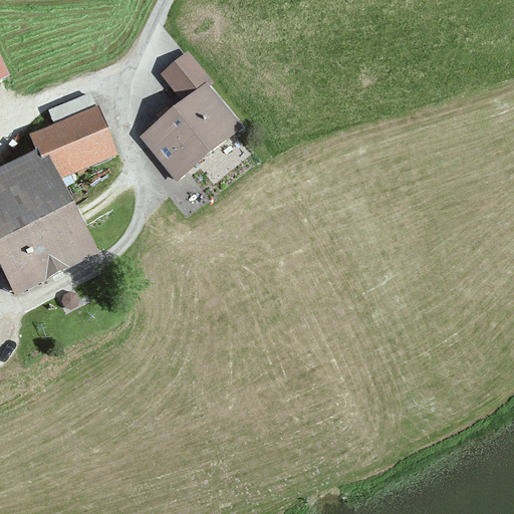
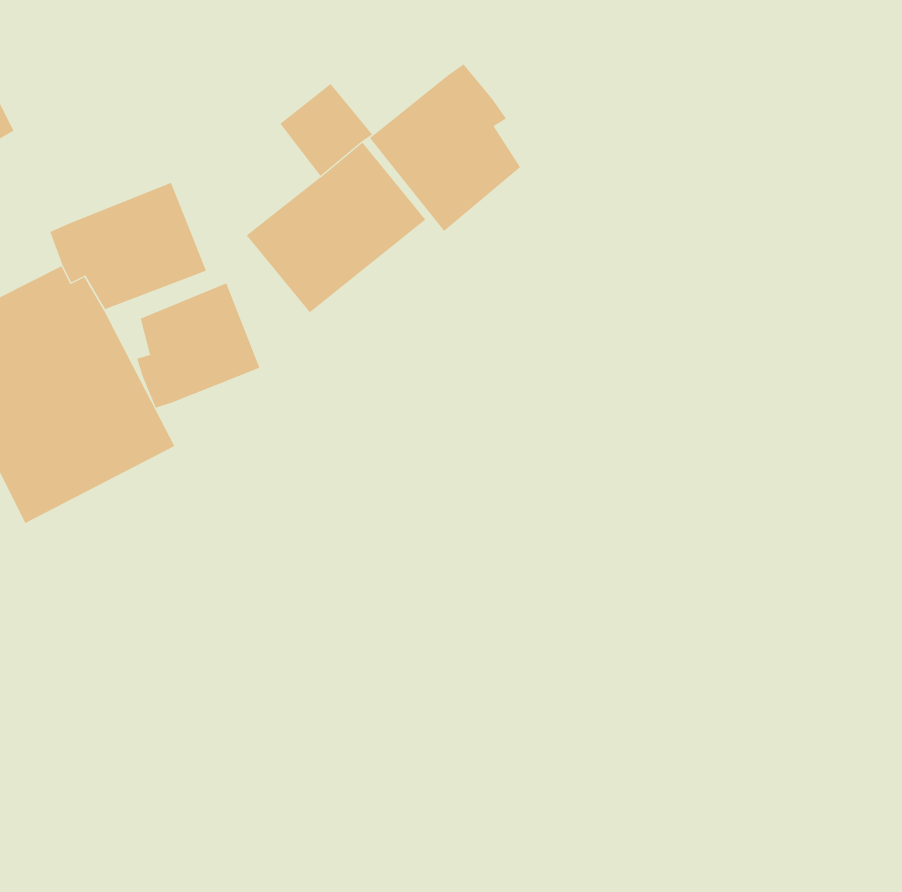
building: none -> [369,64,521,232]
building: none -> [136,282,260,409]

